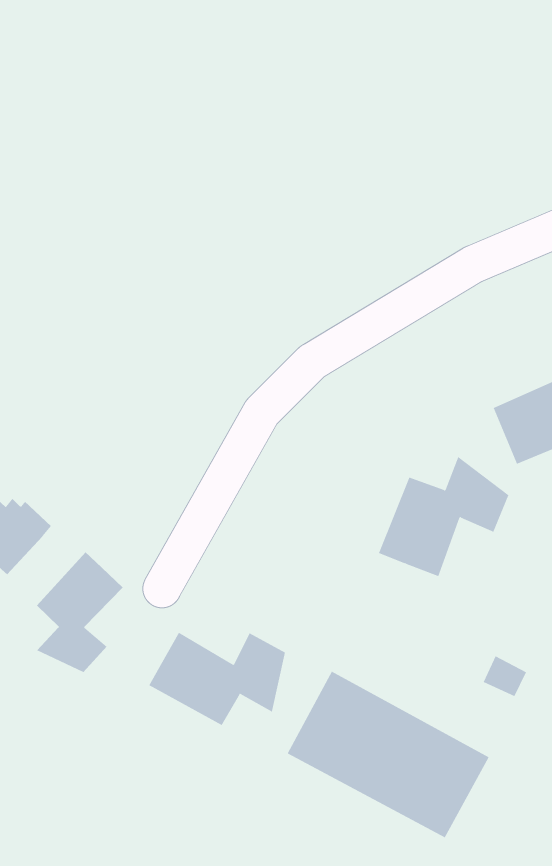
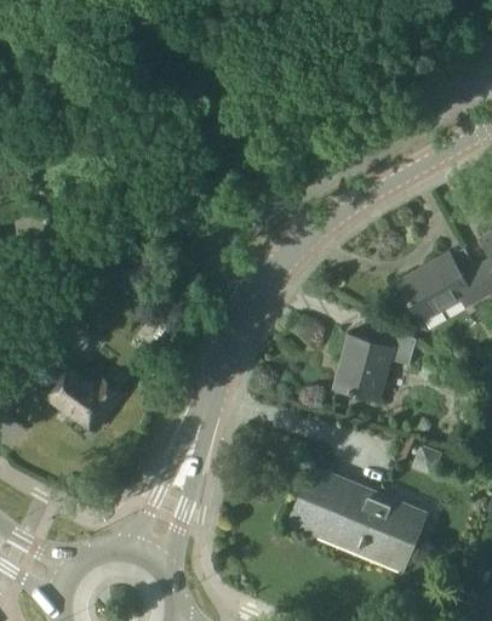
building: [36,552,124,673] -> none
building: [148,632,285,726] -> none

